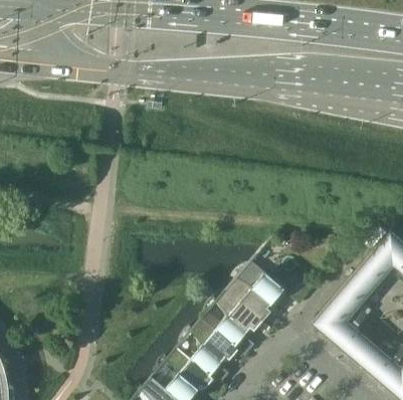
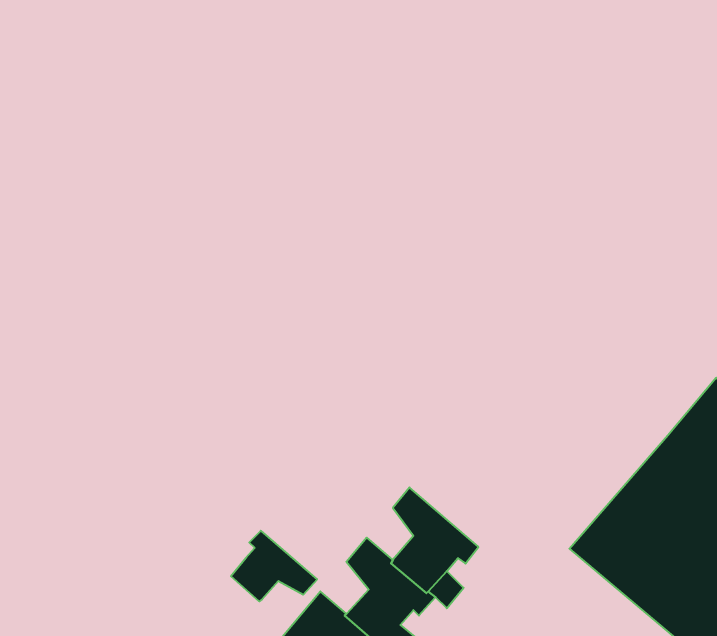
building: [224,259,289,322] -> none
building: none -> [231,531,317,601]

